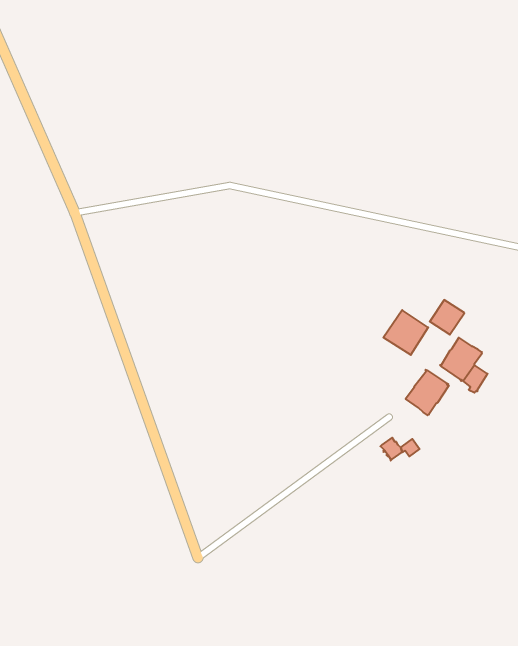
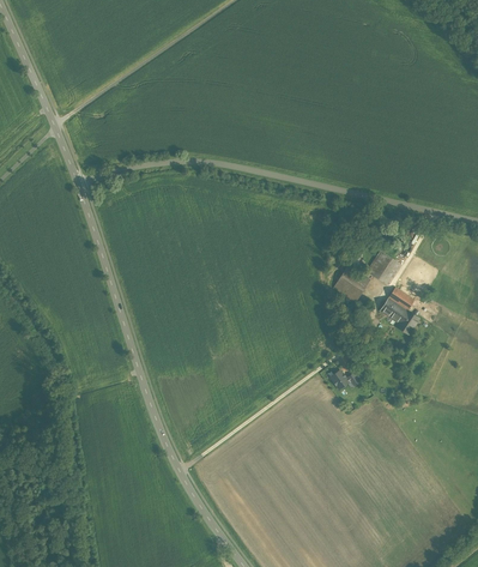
building: [406,370,449,415] -> none

